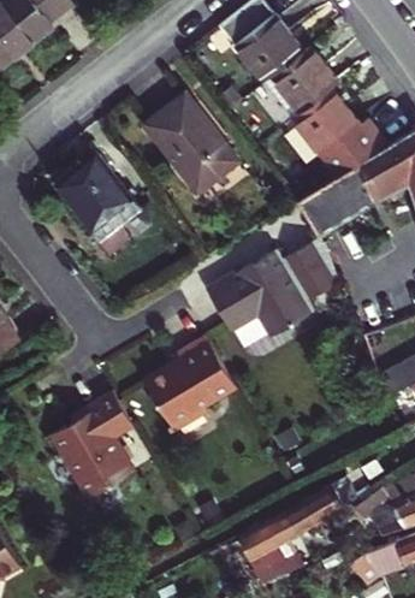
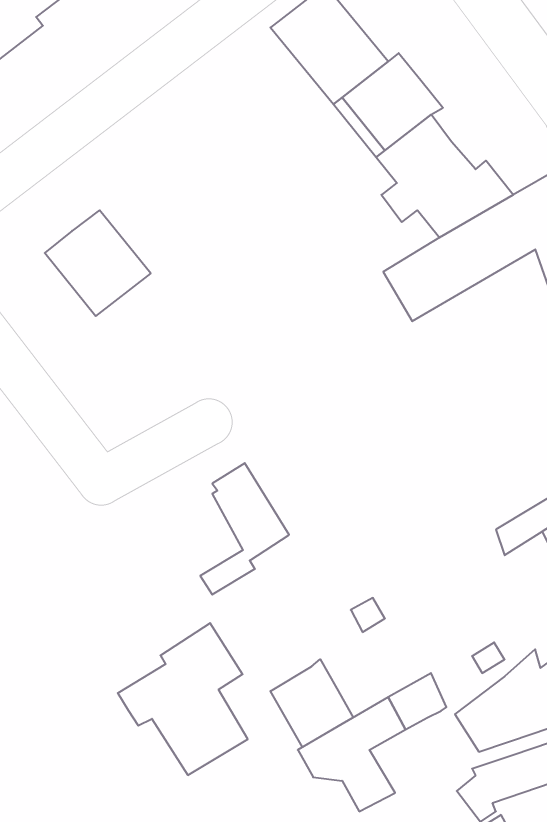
building: [146,96,238,194] -> none
building: [207,239,339,341] -> none
building: [147,356,200,414] -> none
building: [43,391,135,498] -> [118,623,248,775]
building: none -> [270,659,353,747]

